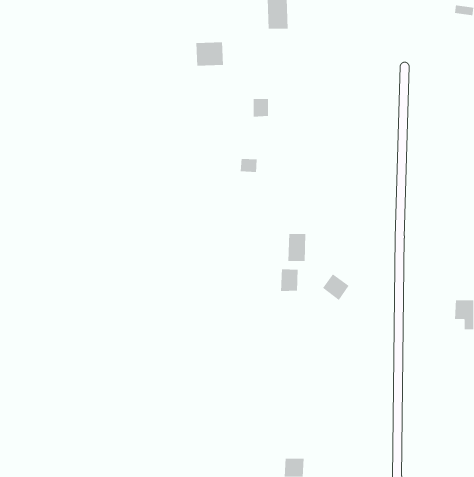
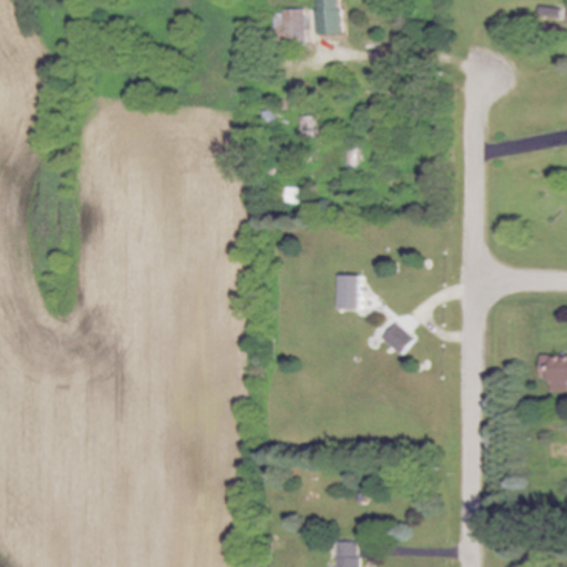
building: [196,42,224,66] -> [271,10,305,39]
building: [281,269,298,292] -> none

